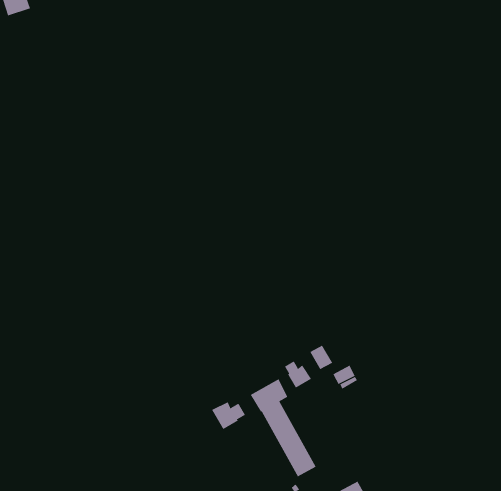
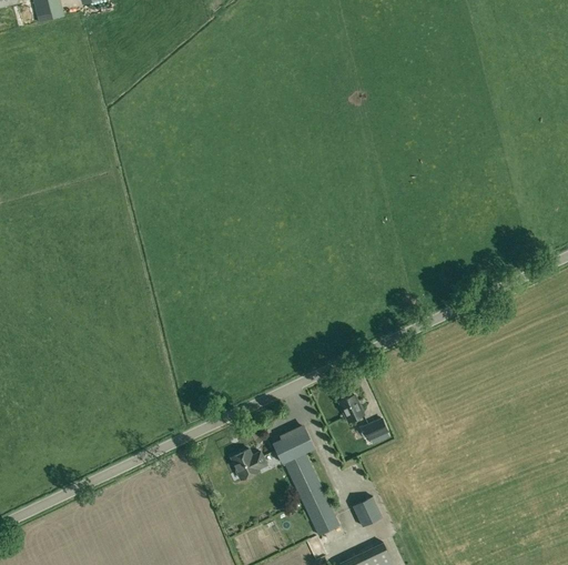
building: [284,361,312,389] -> none
building: none -> [352,496,384,527]

